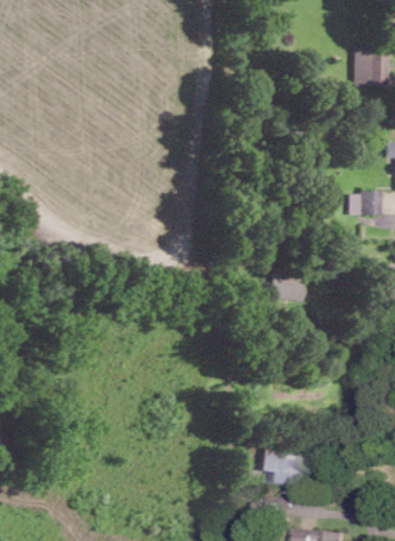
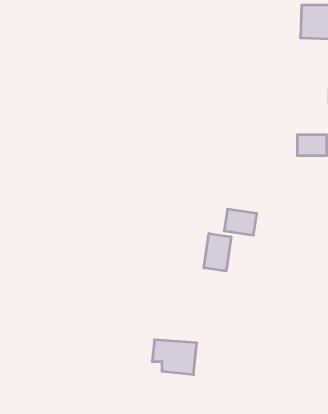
building: none -> [204,233,231,271]
building: [261,448,310,486] -> [152,340,197,375]

